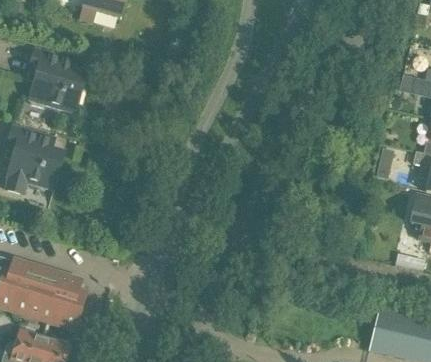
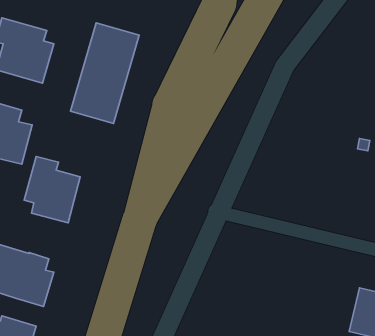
building: none -> [70,23,139,123]
building: none -> [24,157,80,223]

